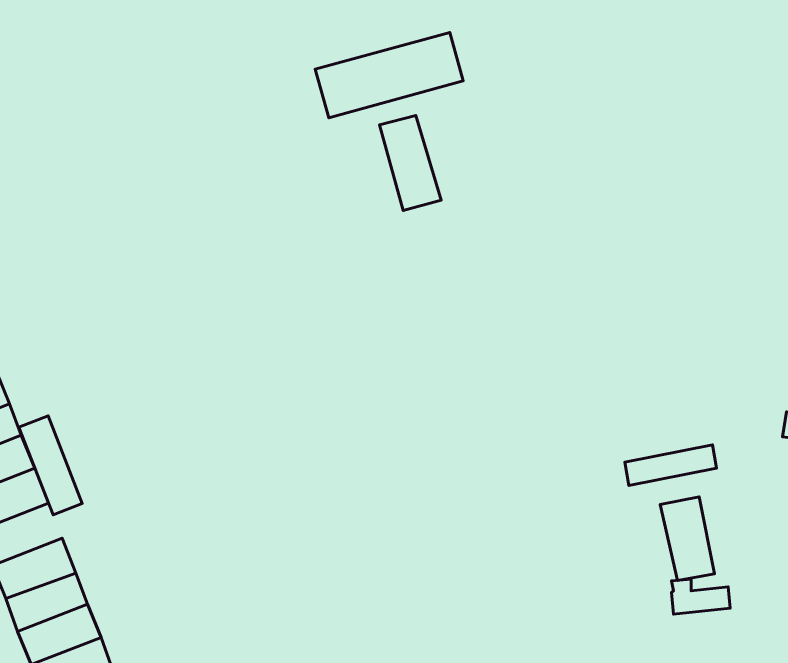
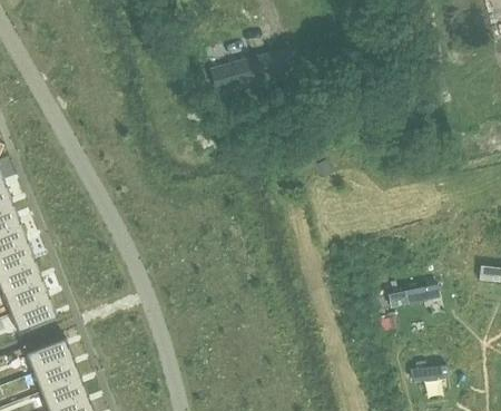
building: [379,116,441,211] -> none
building: [19,416,82,515] -> none
building: [660,497,715,580] -> none

